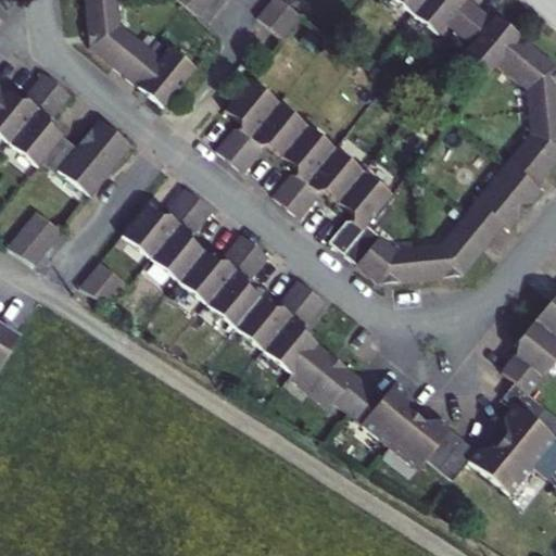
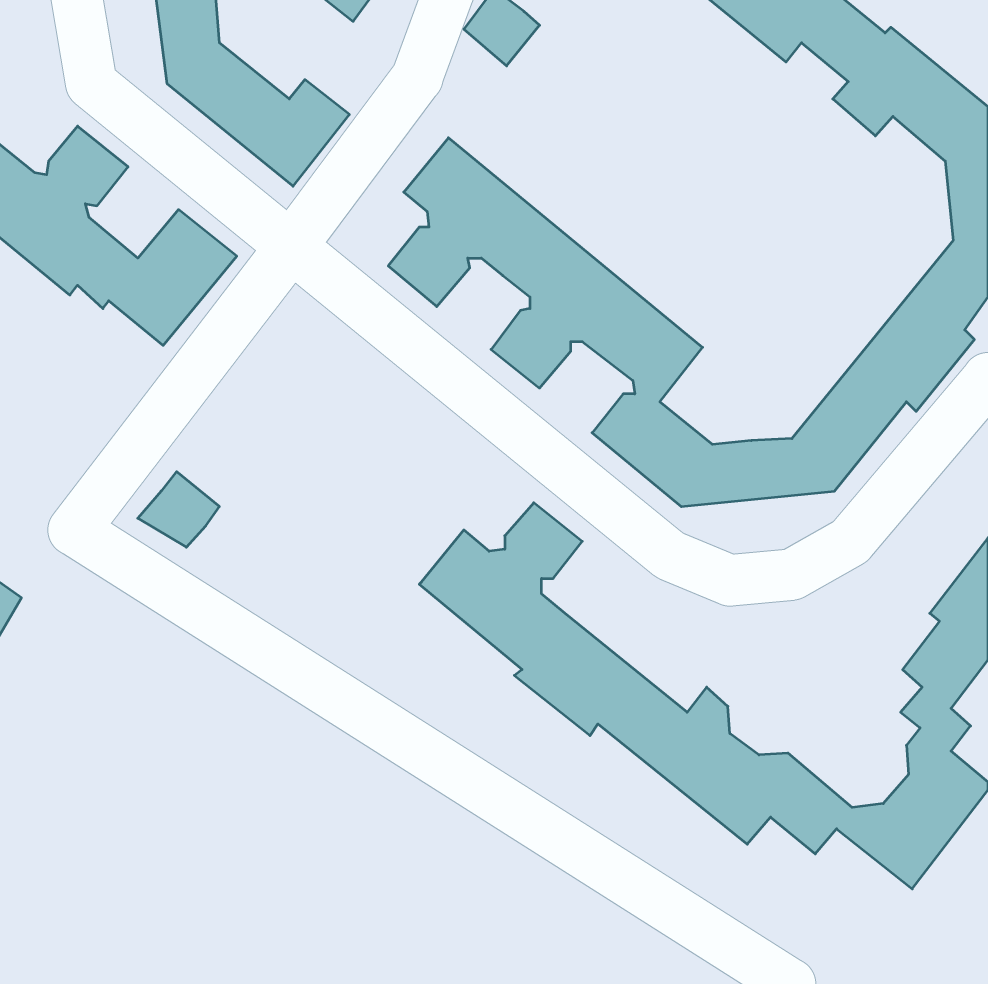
building: [123,187,269,326] -> none
building: [5,212,61,267] -> none

